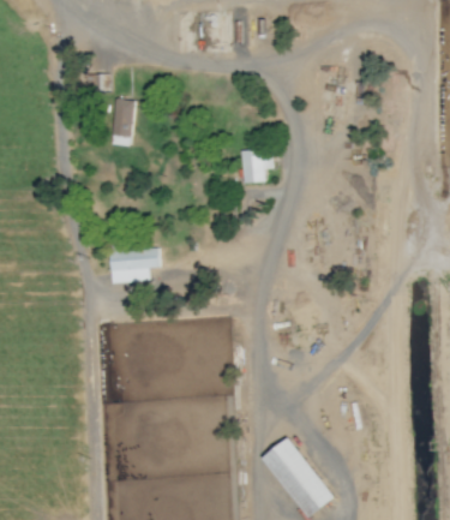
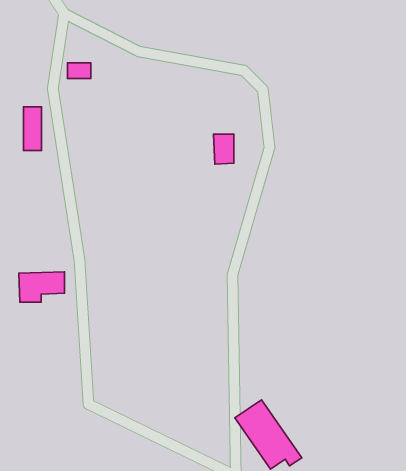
building: [113,101,132,148] -> [24,107,41,150]
building: [109,249,158,281] -> [19,272,65,302]

